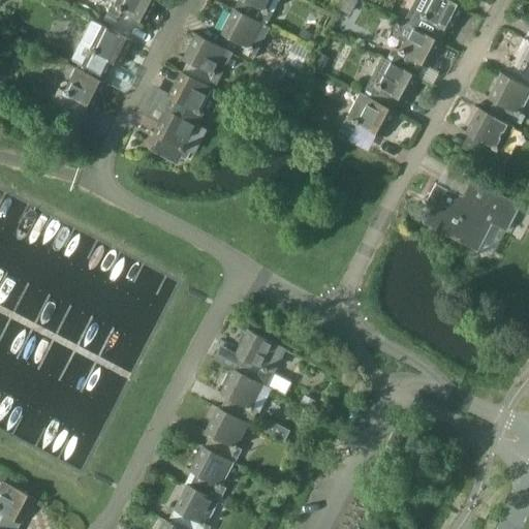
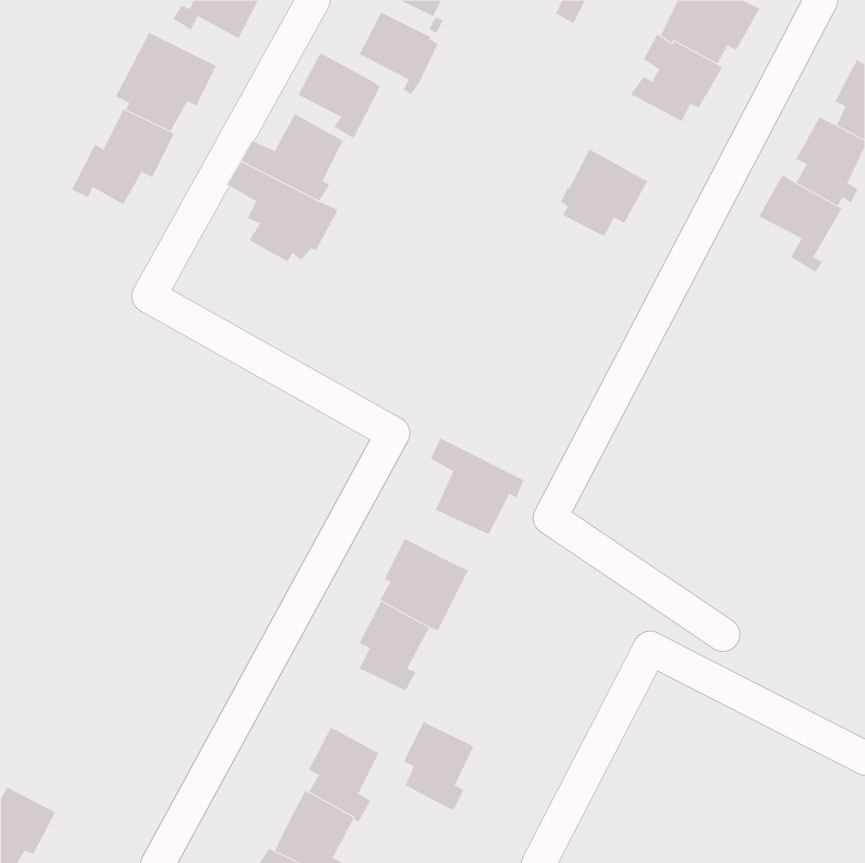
building: [365,58,417,110] -> none
building: [423,180,519,252] -> none
building: none -> [430,438,524,535]
building: [204,407,247,462] -> [403,721,474,811]

